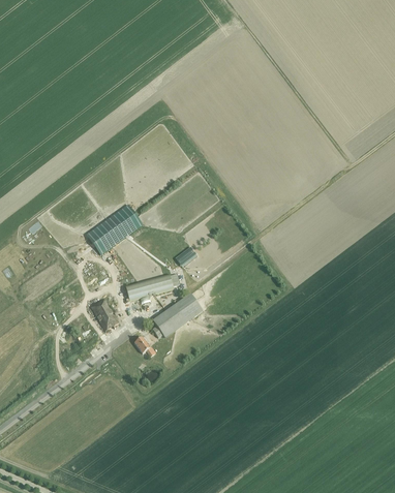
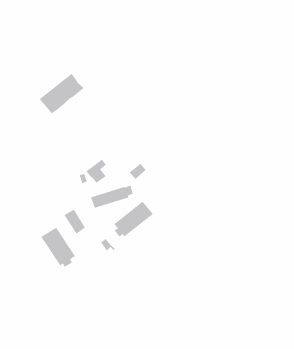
building: [86,205,143,254] -> [39,73,84,114]
building: none -> [41,227,76,268]

